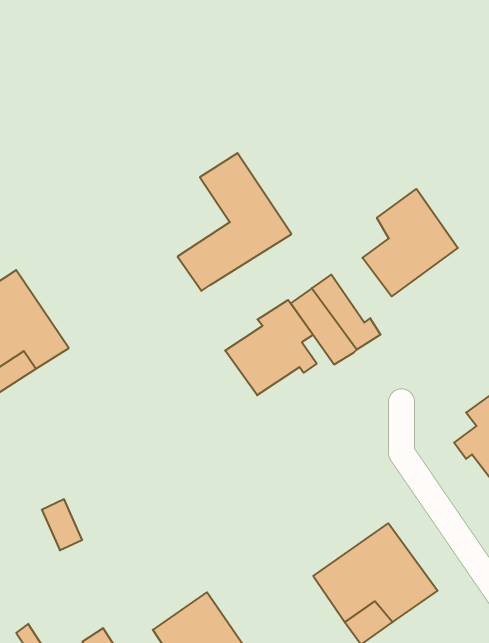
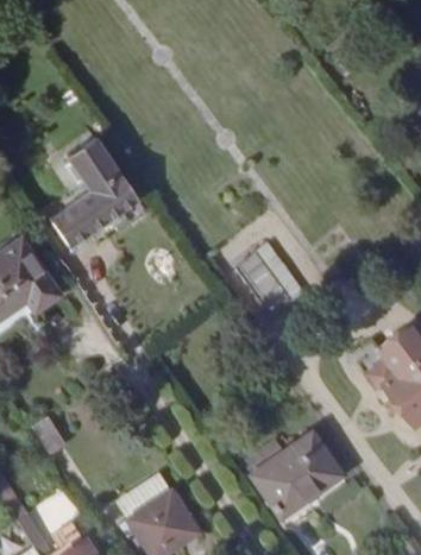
building: [178,153,291,291] -> [48,135,138,245]
building: [362,189,458,296] -> none
building: [225,300,317,395] -> none

